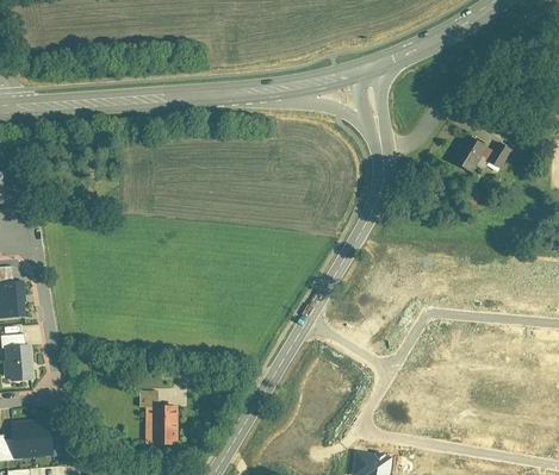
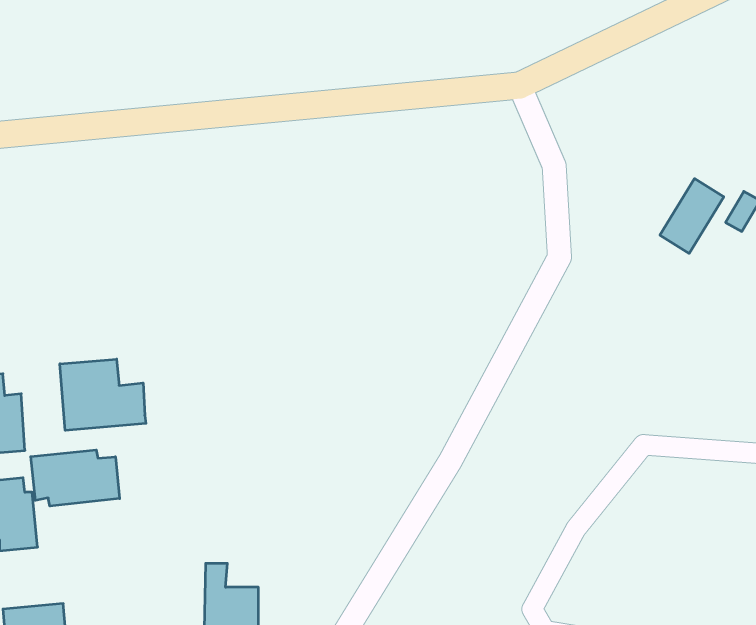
building: none -> [60,359,146,430]
building: none -> [31,450,120,506]

